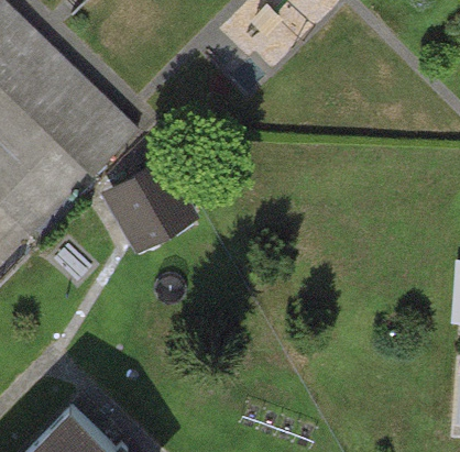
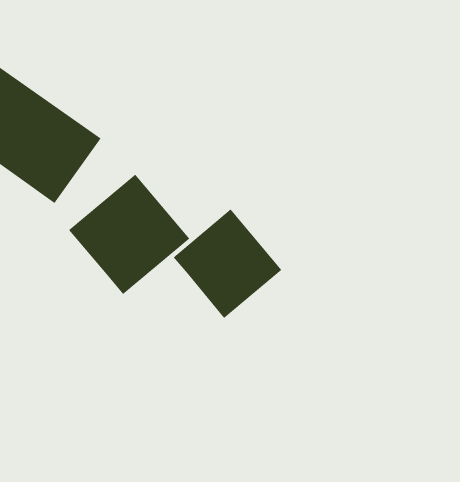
building: none -> [173,209,282,319]

